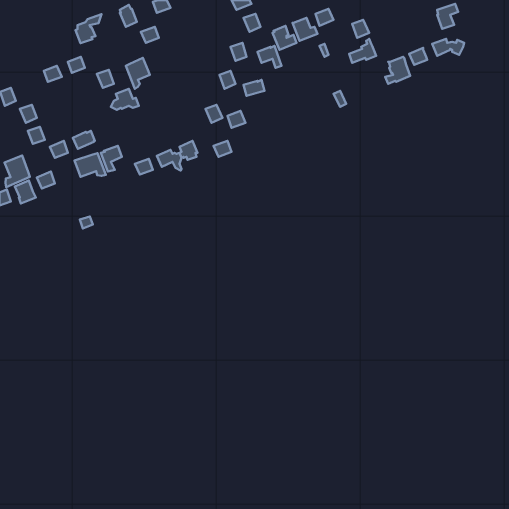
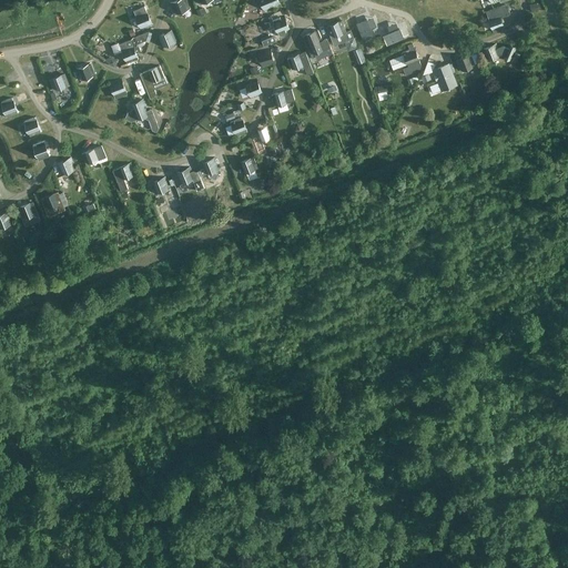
building: [76,14,102,43] -> [120,32,149,64]
building: [75,153,106,177] -> none
building: [4,155,30,187] -> none

